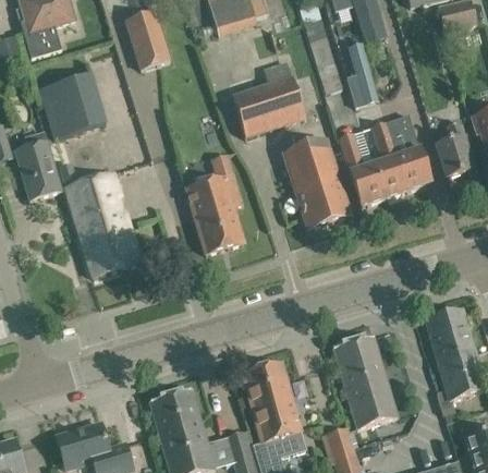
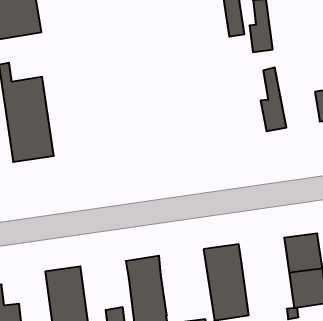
building: [231,61,305,136] -> none
building: [394,113,430,190] -> none
building: [339,133,386,206] -> none
building: [283,137,350,229] -> none
building: [186,153,243,254] -> none

